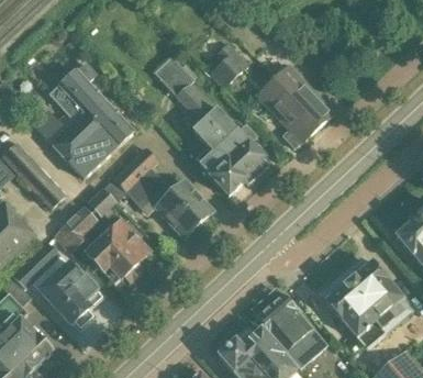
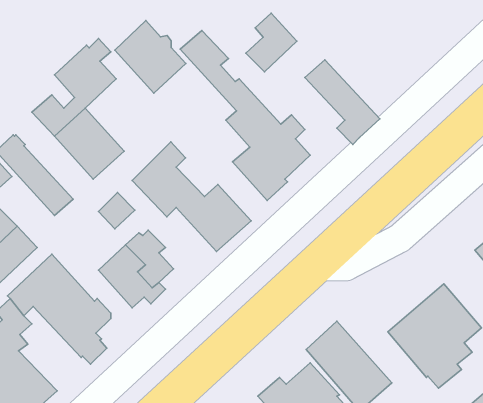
building: [272,64,333,127] -> none
building: [76,94,134,154] -> [115,21,186,93]
building: [54,207,97,253] -> none

